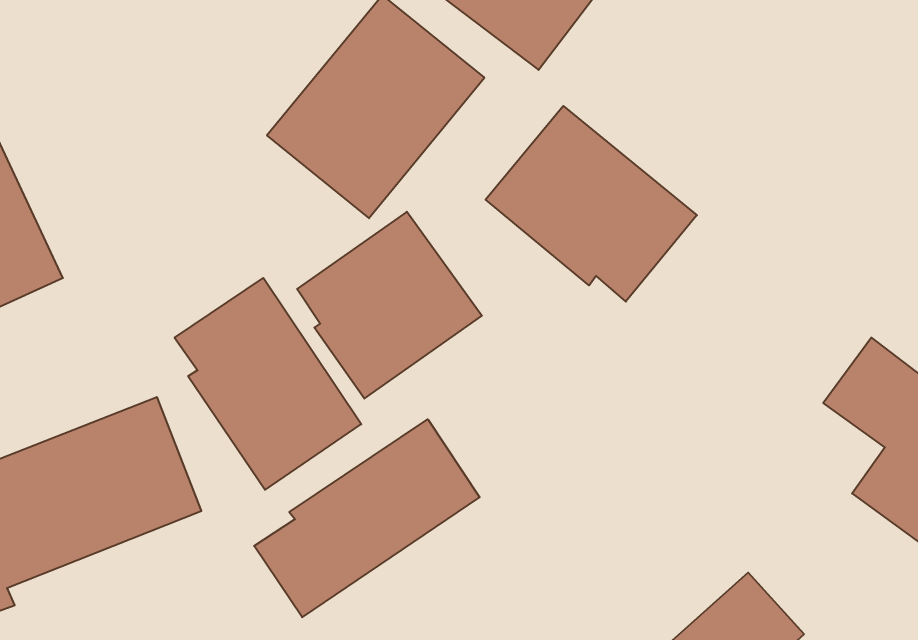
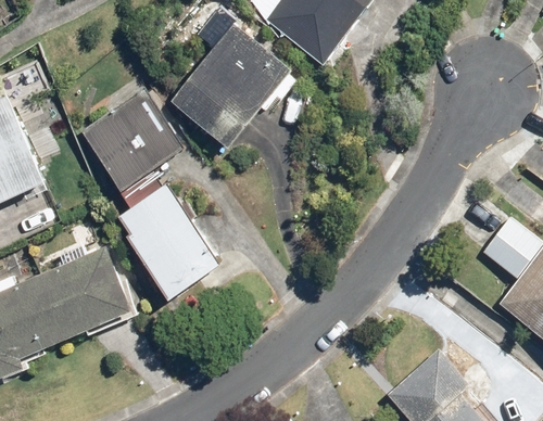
building: [486,106,697,302] -> none
building: [297,212,482,399] -> [83,88,187,193]
building: [254,419,480,617] -> none

